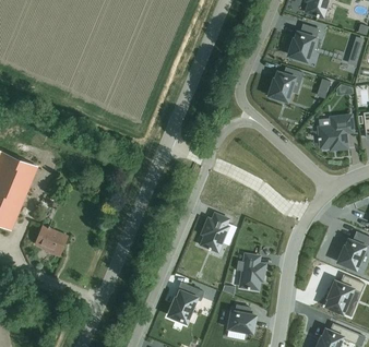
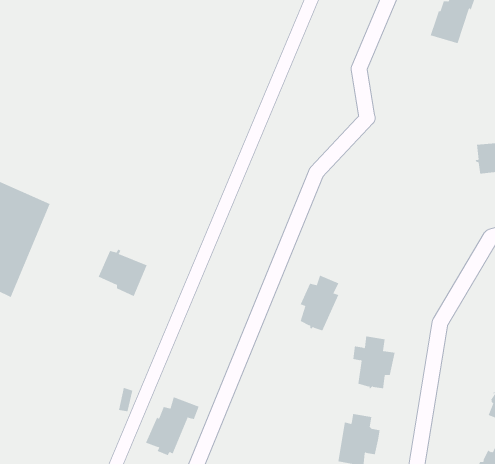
building: [267,68,301,101] -> none
building: [34,225,67,256] -> [98,249,147,297]
building: [167,285,203,324] -> [145,397,200,456]

